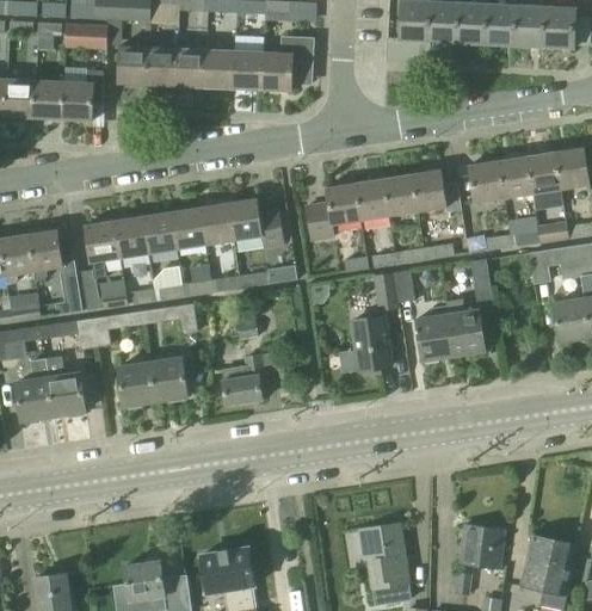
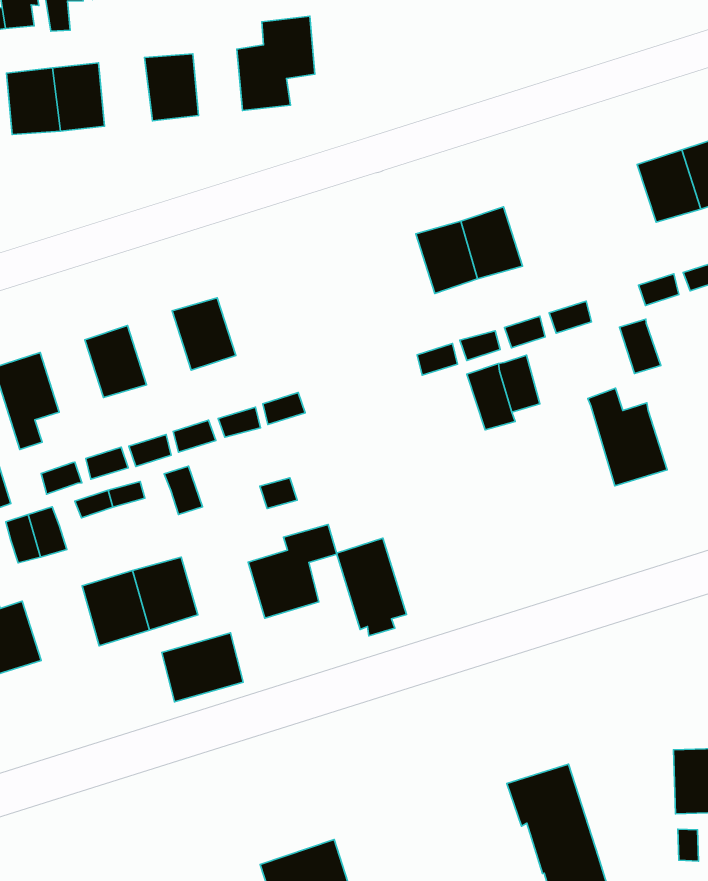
building: [174,48,205,88] -> none
building: [233,51,263,91] -> none
building: [468,161,502,203] -> none
building: [411,169,460,212] -> none
building: [304,183,360,241] -> none
building: [227,198,282,245] -> none
building: [169,206,204,249] -> none
building: [113,216,148,258] -> none
building: [415,304,452,360] -> none
building: [351,314,388,372] -> [336,538,406,636]
building: none -> [162,633,243,702]

